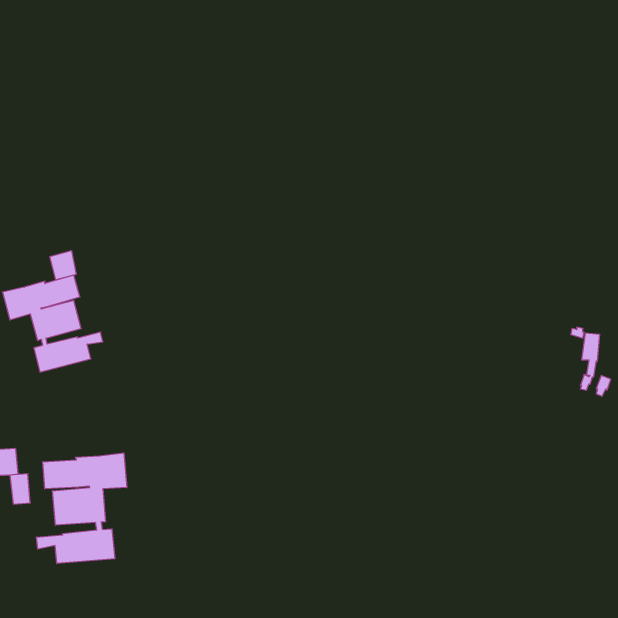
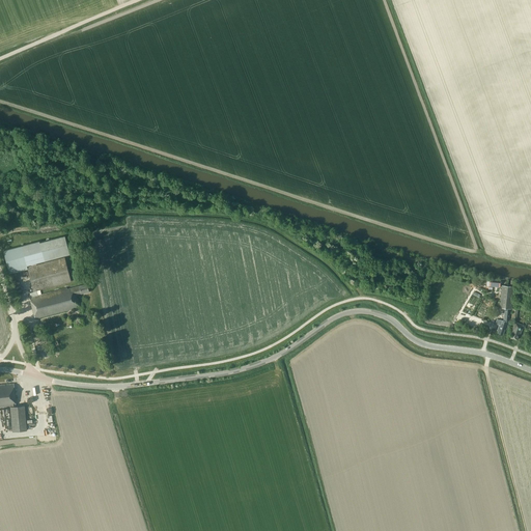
building: [50,251,76,280] -> none
building: [37,453,127,564] -> none

